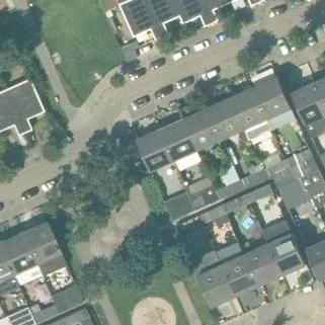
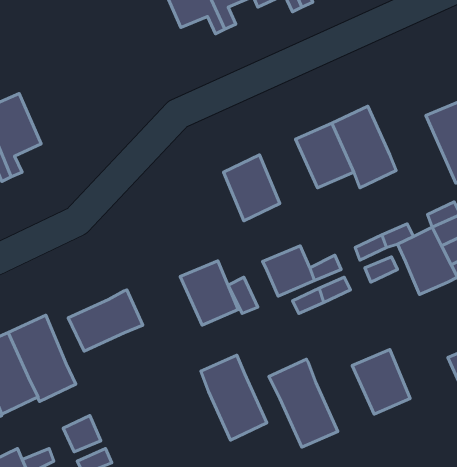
building: [254,77,297,131] -> none
building: [184,108,222,150] -> none
building: [137,130,174,171] -> [180,261,238,325]
building: none -> [68,290,143,351]
building: [262,220,306,275] -> none
building: [216,242,258,297] -> [201,355,267,440]

